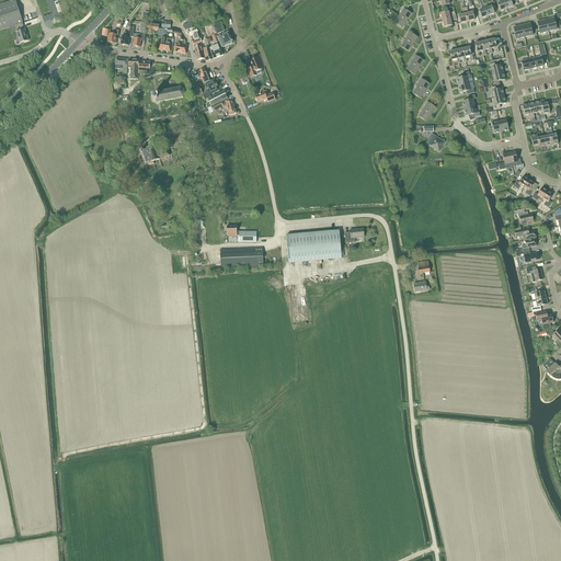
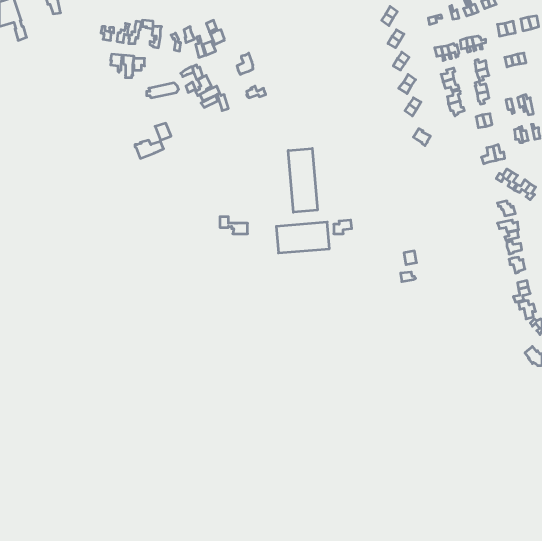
building: none -> [288,148,317,212]
building: [219,245,263,266] -> none

